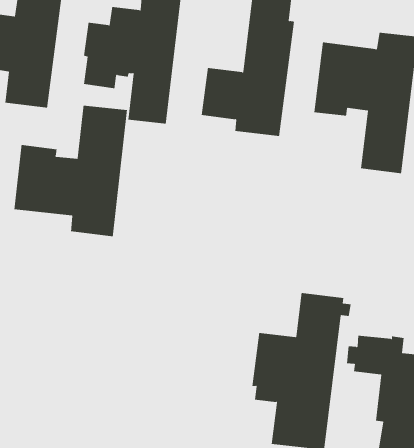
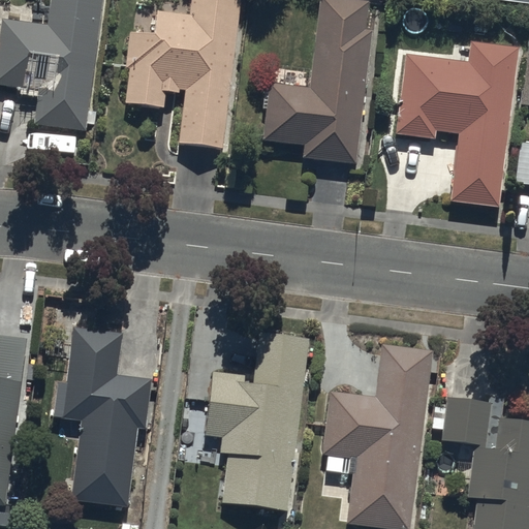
building: [14,105,128,237] -> none
building: none -> [54,326,149,504]
building: none -> [205,331,307,509]

